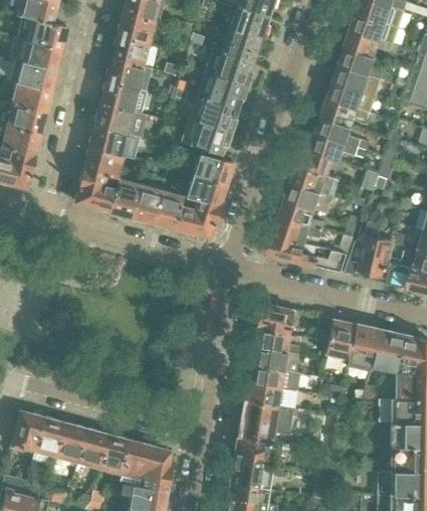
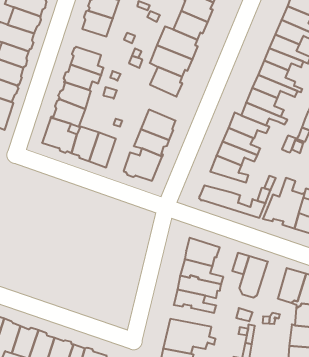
building: [105,59,142,90] -> none
building: [190,121,231,155] -> none
building: [153,189,183,227] -> none
building: [272,220,323,243] -> none
building: [346,324,379,370] -> none
building: [243,382,295,407] -> none

